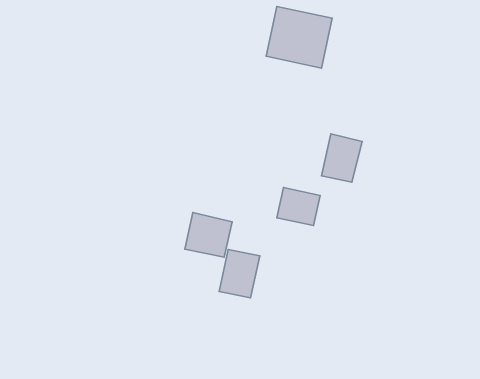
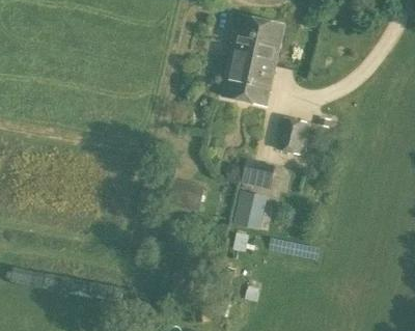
building: none -> [221,55,274,106]
building: [219,249,260,298] -> [233,191,266,229]

